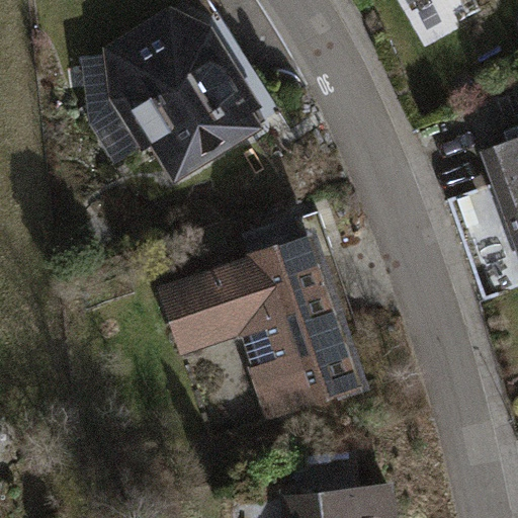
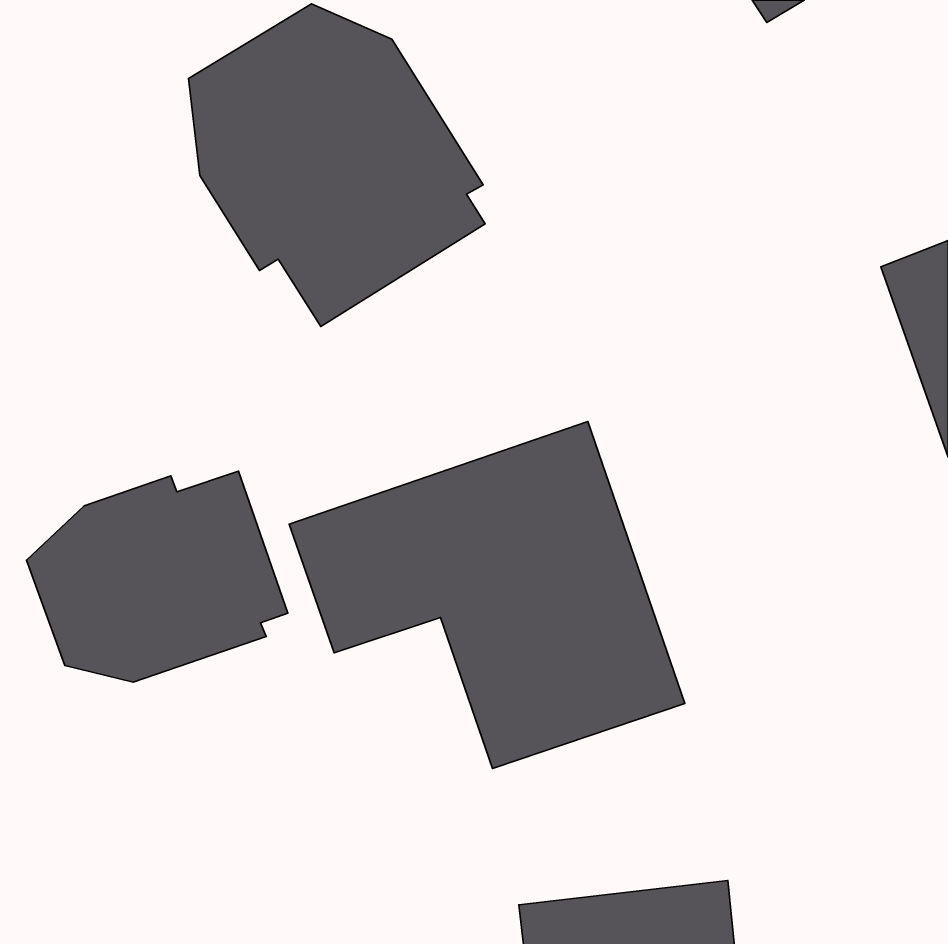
building: none -> [27,471,288,682]

